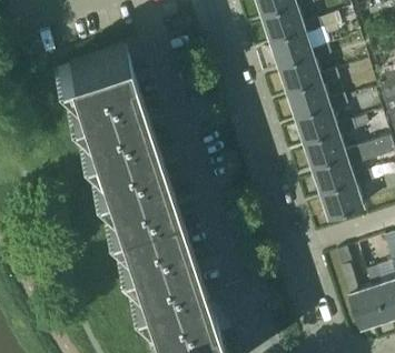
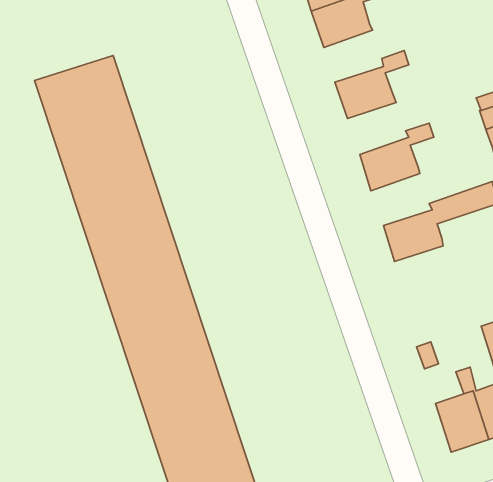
building: [270,19,323,65] -> none
building: [287,69,339,117] -> none
building: [304,120,357,167] -> none
building: [320,170,374,219] -> none

